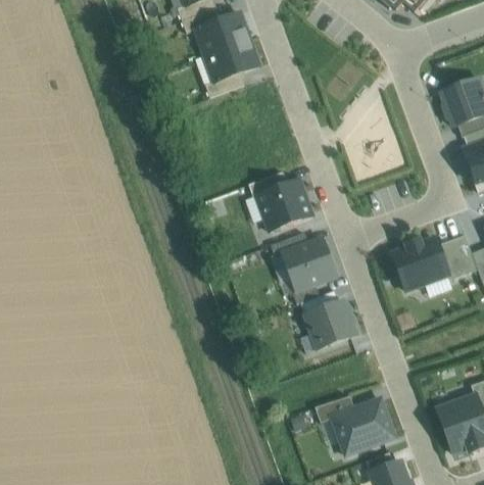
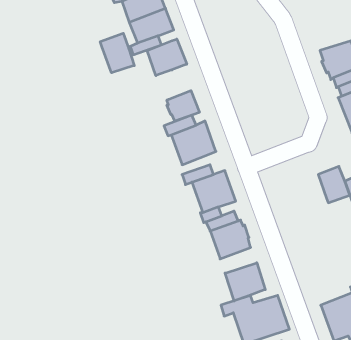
building: none -> [100,33,134,73]
building: none -> [147,39,187,76]
building: none -> [167,91,199,121]
building: [393,239,449,291] -> none
building: none -> [225,263,265,301]

